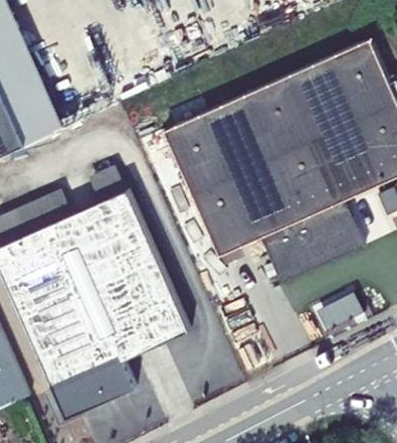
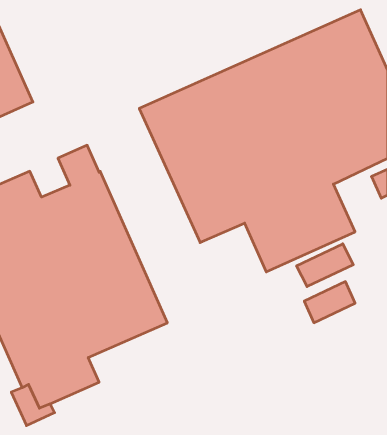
building: none -> [297,244,353,287]

